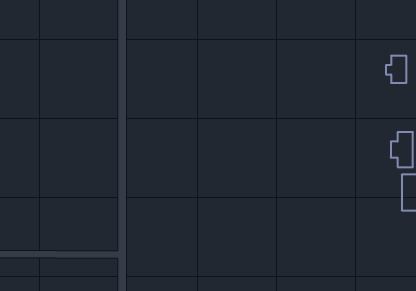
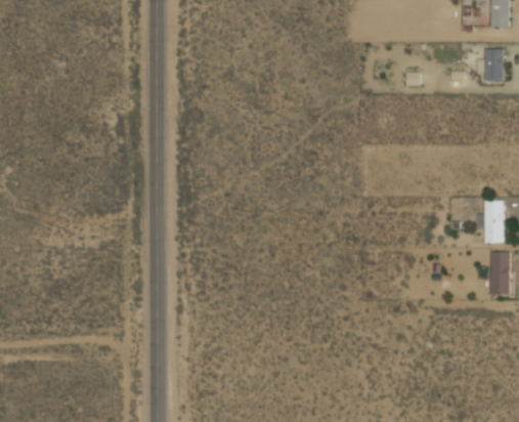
building: [386,56,406,83] -> [478,48,503,81]

